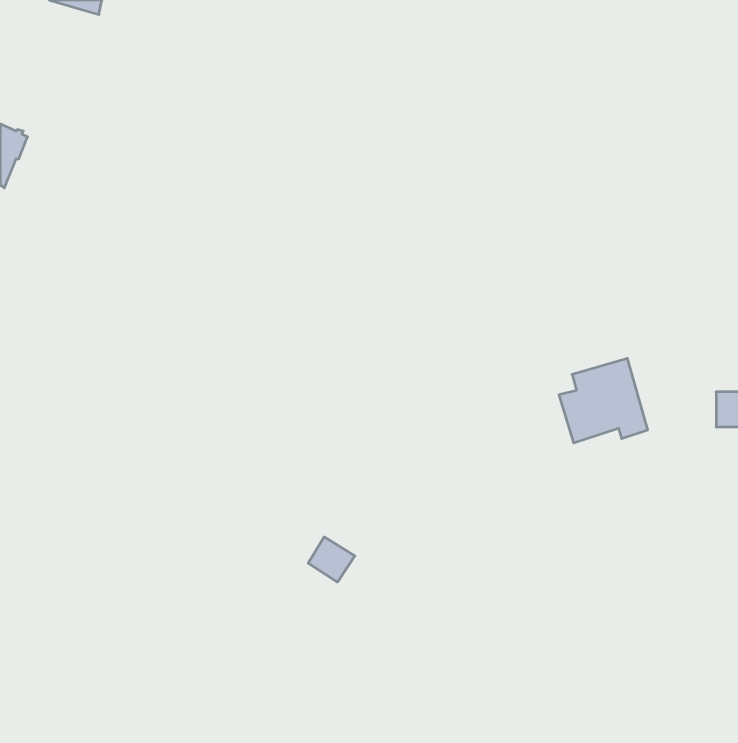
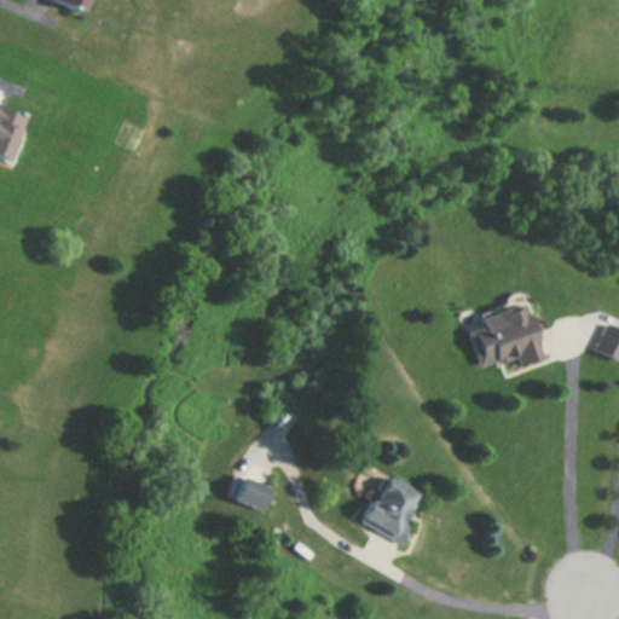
building: [308,537,355,582] -> [235,475,273,513]
building: none -> [372,478,422,543]

